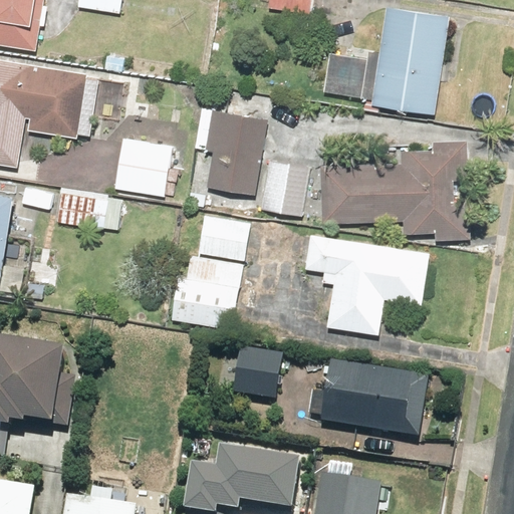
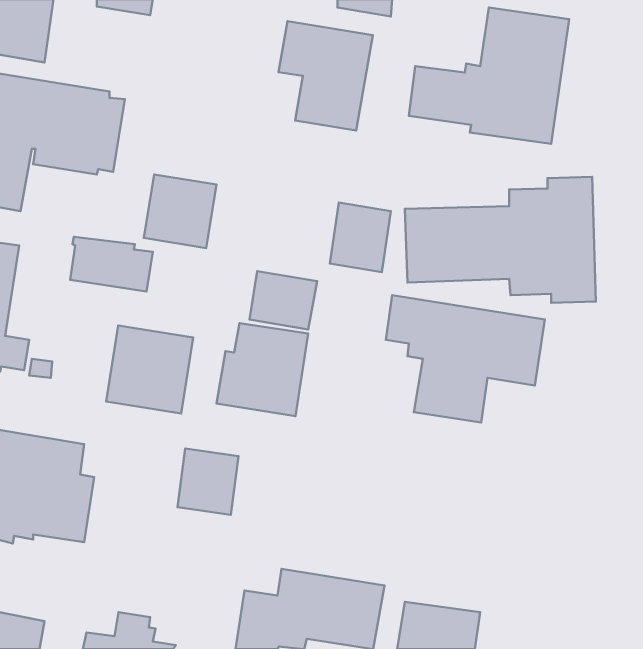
building: [193,107,267,194] -> [279,21,373,131]
building: none -> [106,325,193,414]
building: [233,348,281,401] -> [177,449,239,515]
building: [320,361,428,438] -> none

